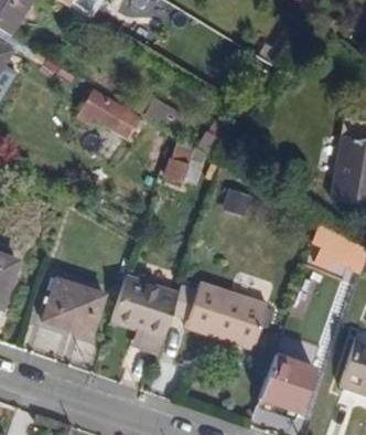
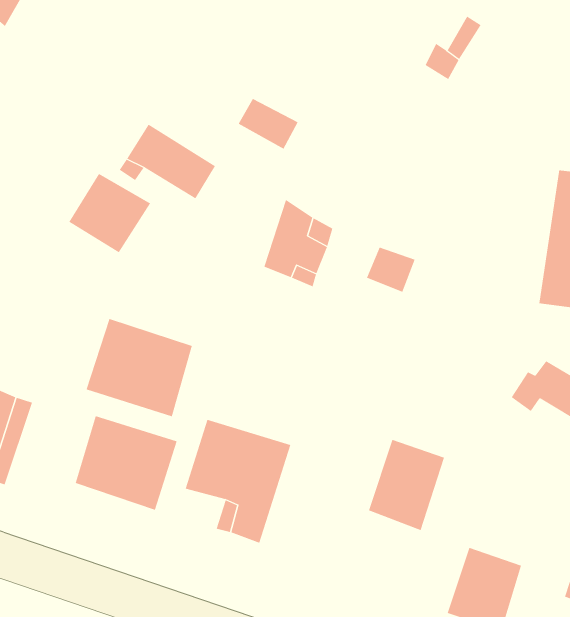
building: none -> [68,173,151,253]
building: none -> [86,318,192,417]
building: [187,278,237,333] -> none

